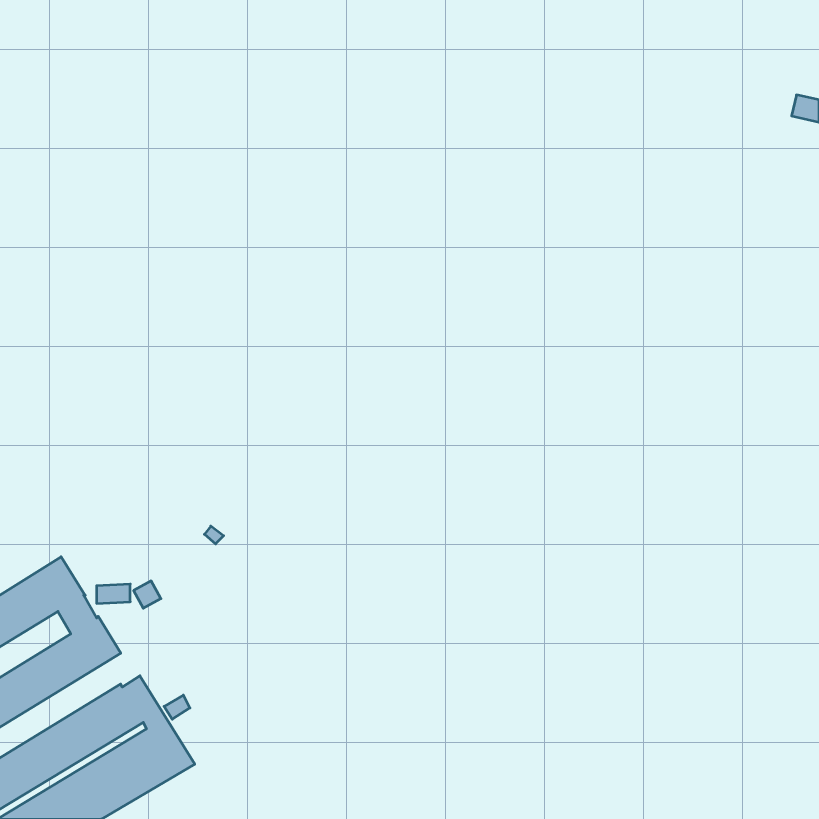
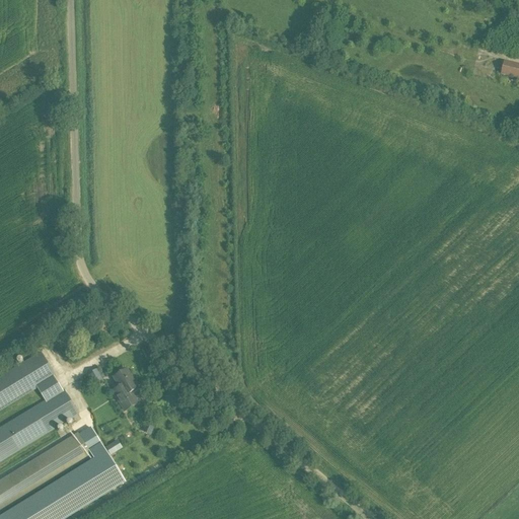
building: none -> [113,368,137,410]

